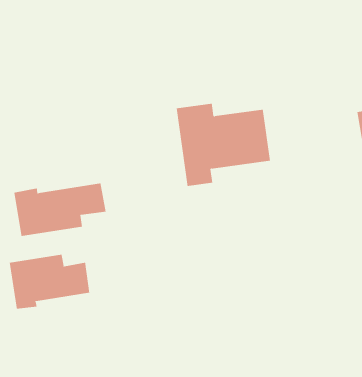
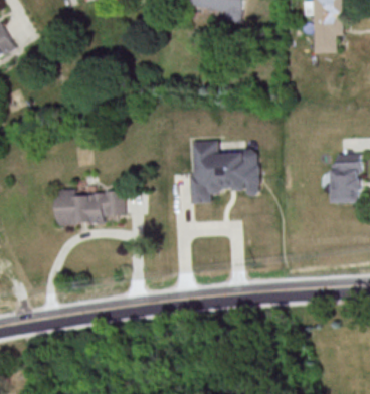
building: [9,254,90,310] -> none

